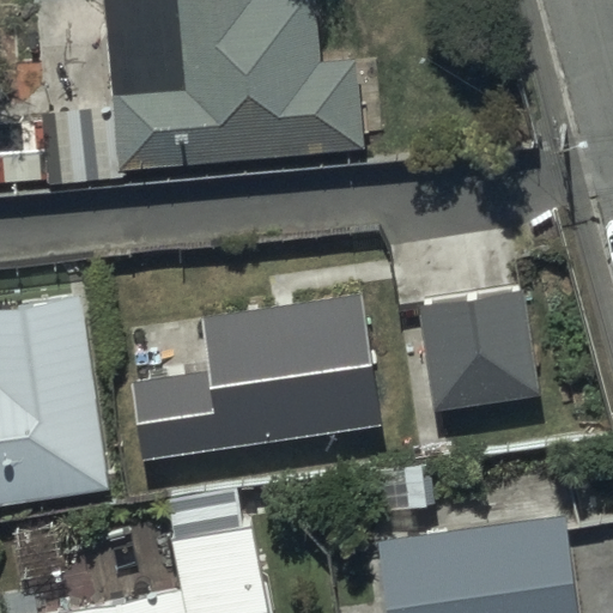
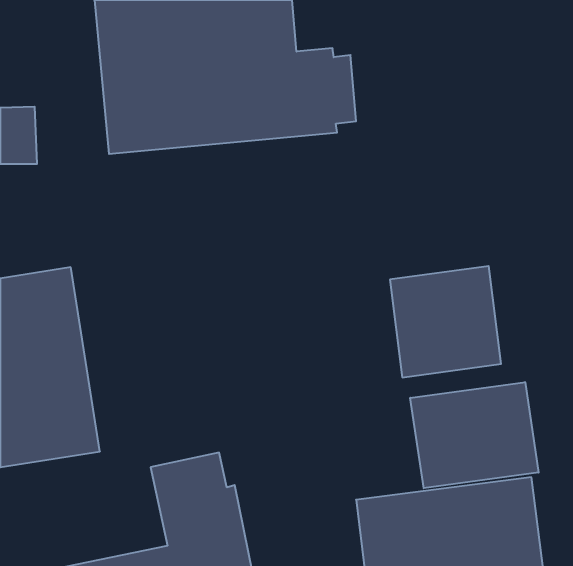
building: [129,292,381,457] -> none
building: none -> [410,382,539,488]

